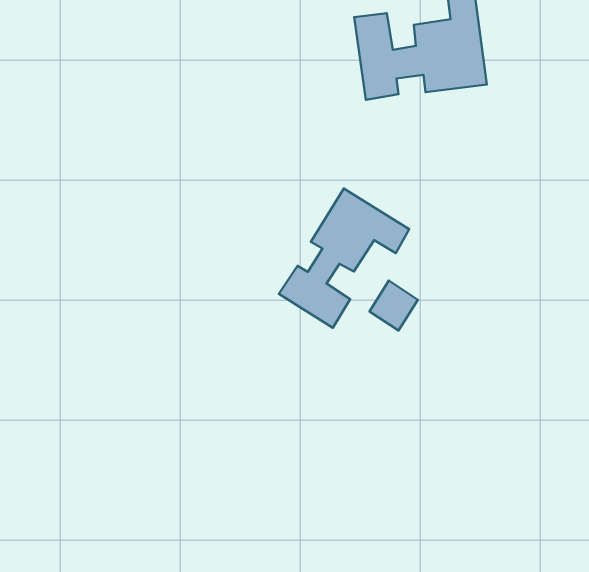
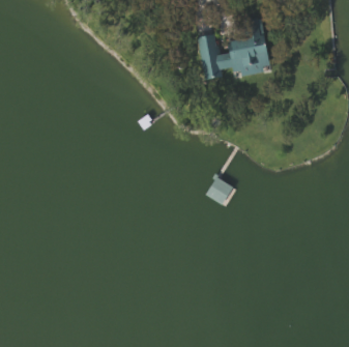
building: [279,188,409,328] -> none

